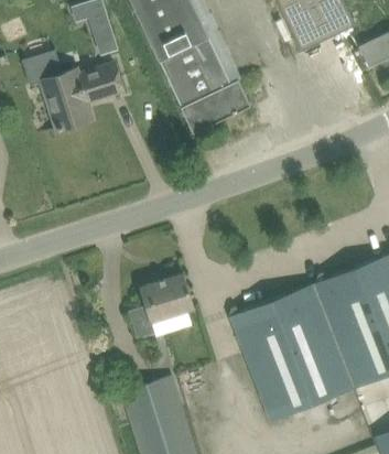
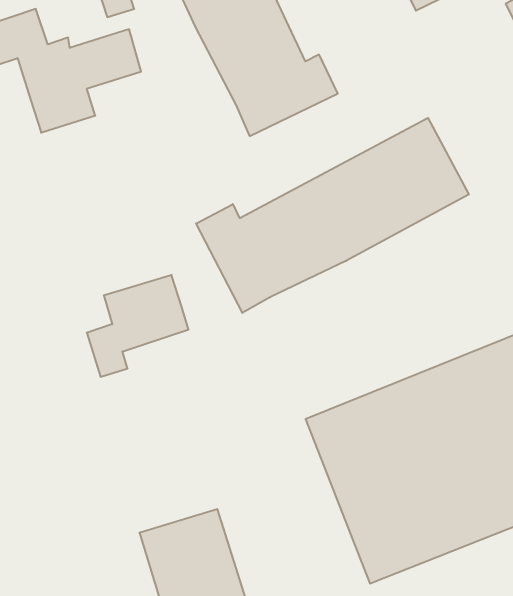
building: none -> [196,118,469,313]
building: [129,273,195,339] -> [87,275,189,377]

